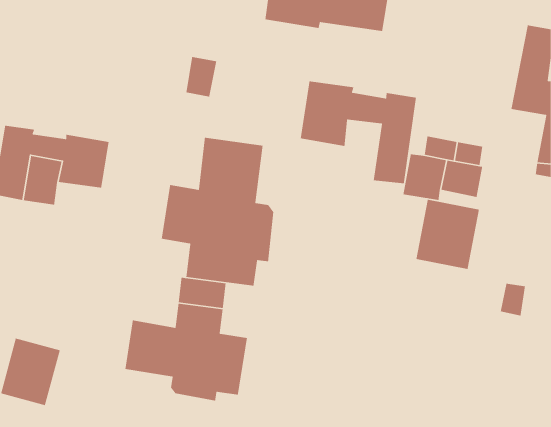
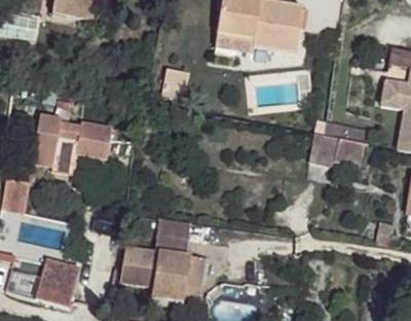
building: [300,81,417,184] -> none
building: [161,137,274,287] -> none
building: [416,199,480,270] -> none

